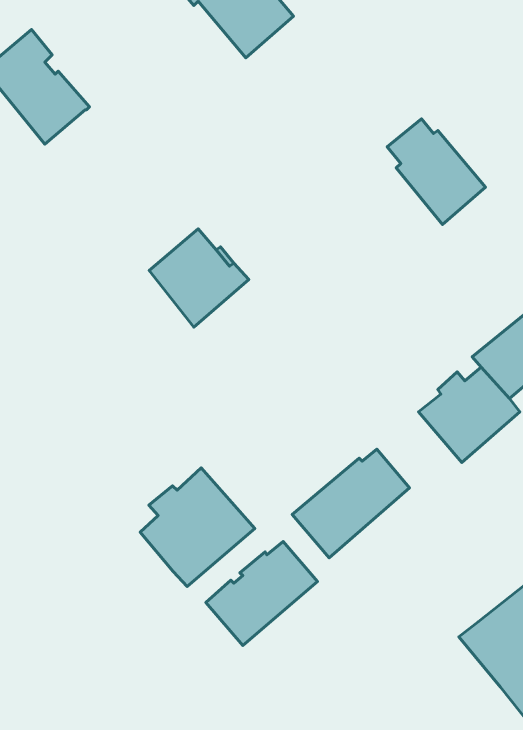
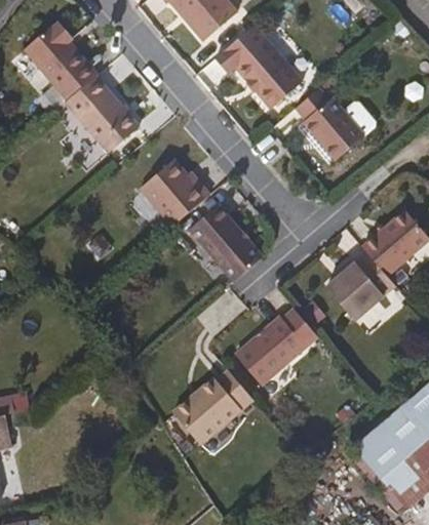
building: none -> [223,22,309,106]
building: none -> [65,78,138,154]
building: none -> [187,206,261,283]
building: [140,468,255,586] -> none

